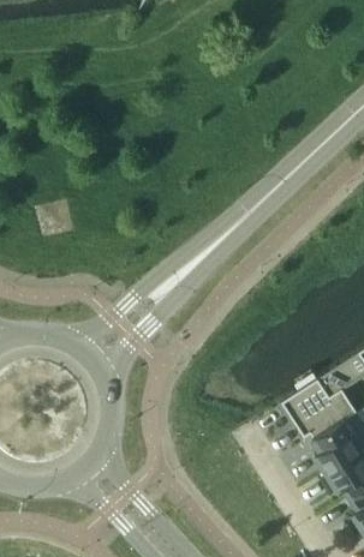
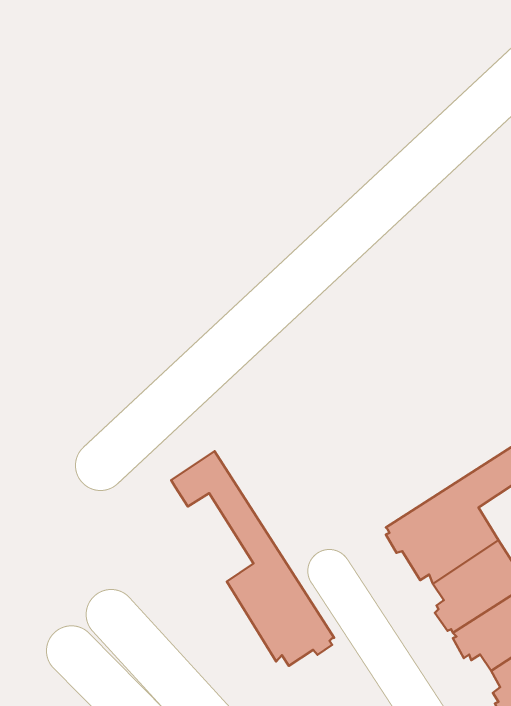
building: none -> [171,451,334,666]

